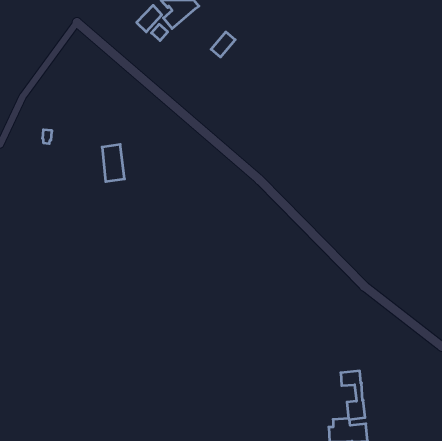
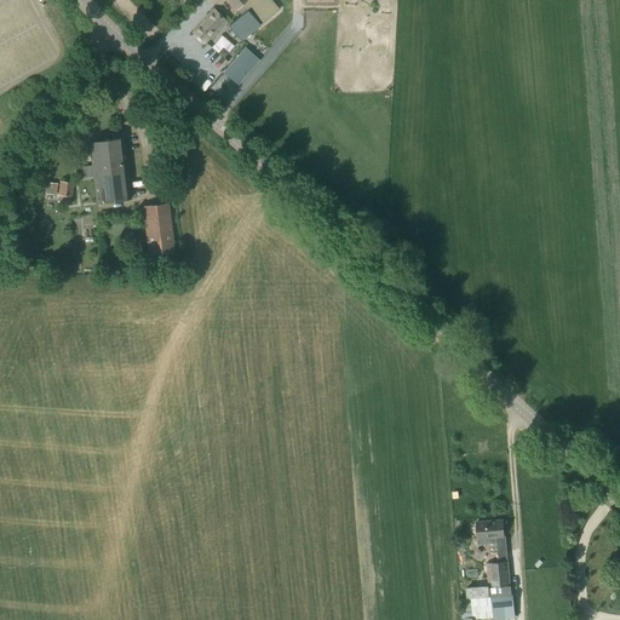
building: [211,32,235,57] -> [225,50,259,85]
building: none -> [82,138,131,203]

